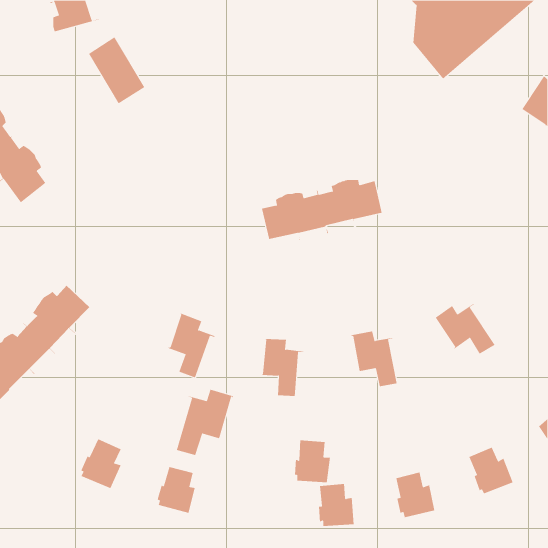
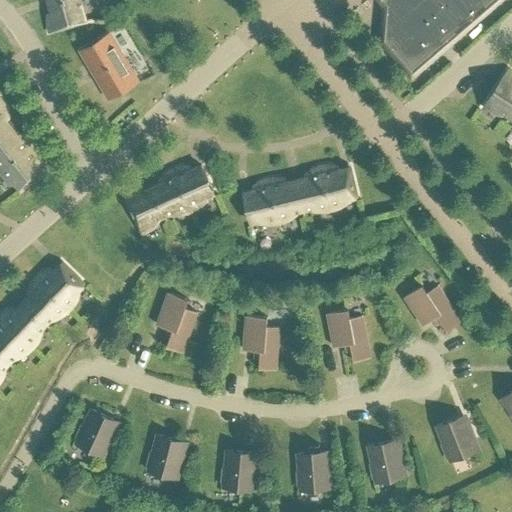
building: none -> [125,168,215,234]
building: [176,389,234,456] -> none
building: [294,440,331,483] -> [221,450,255,490]

